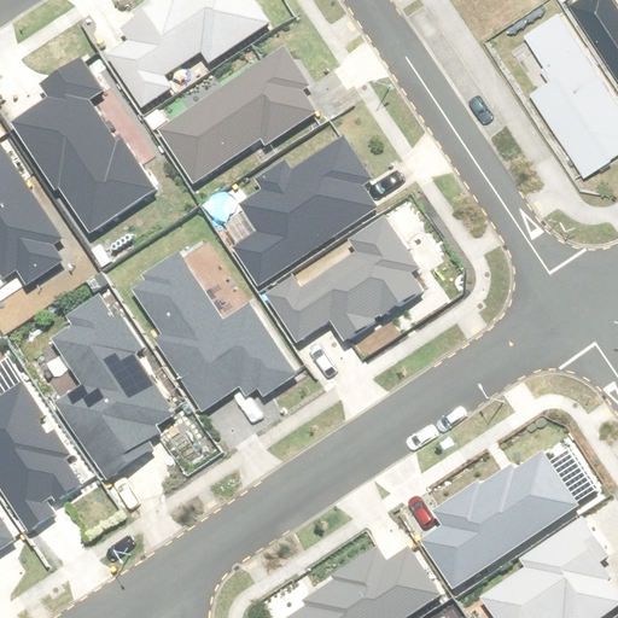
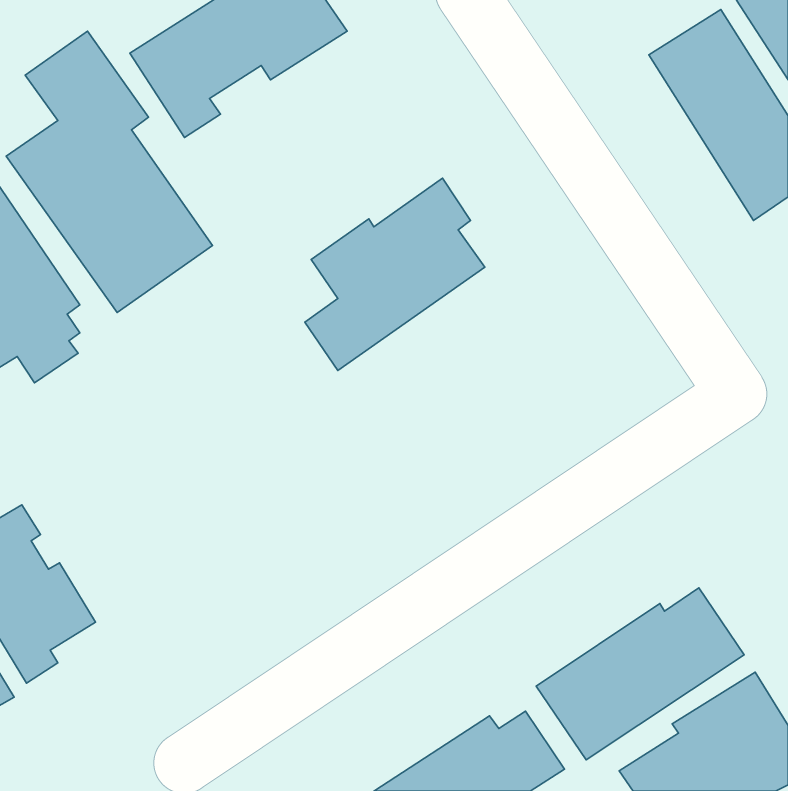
building: [153,46,316,183] -> none
building: [272,221,422,344] -> none
building: [132,258,293,410] -> none
building: [52,304,180,472] -> none

